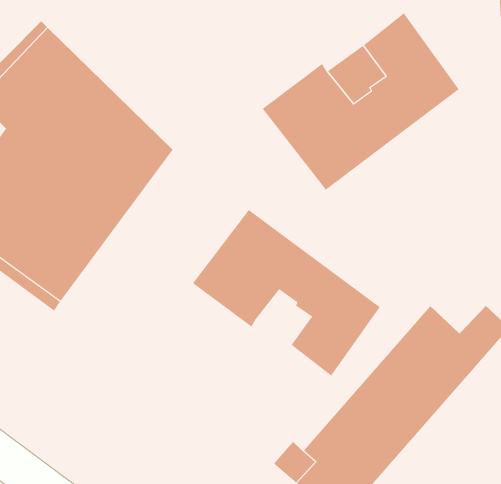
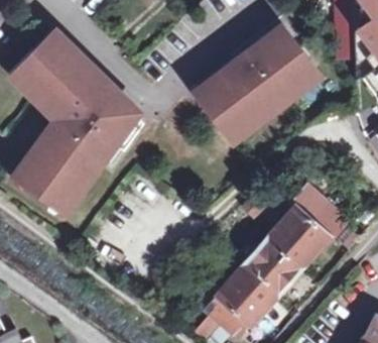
building: [192,209,380,377] -> none

